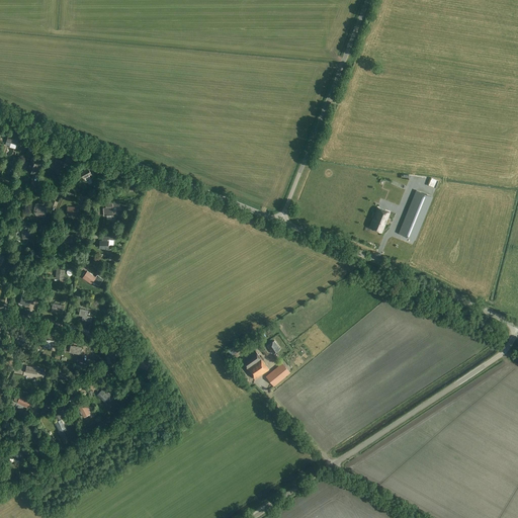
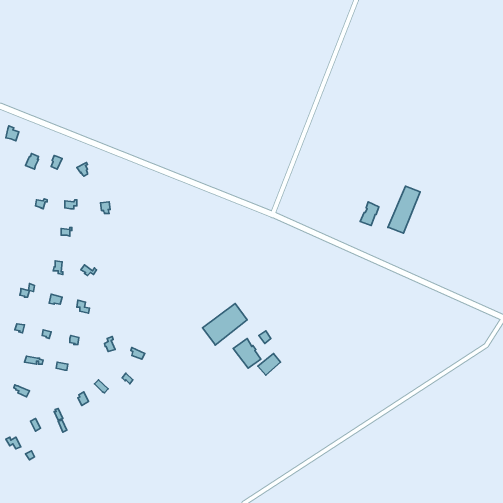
building: none -> [203,304,247,345]

